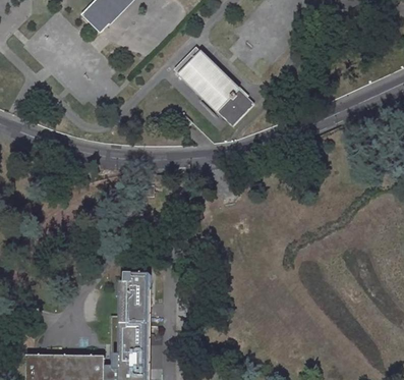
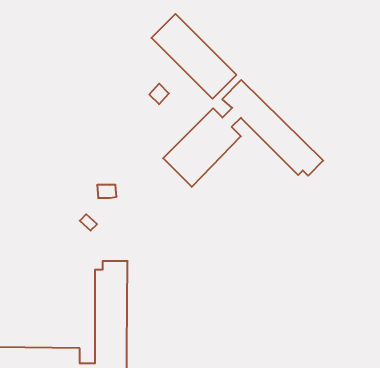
building: none -> [163,80,323,187]

